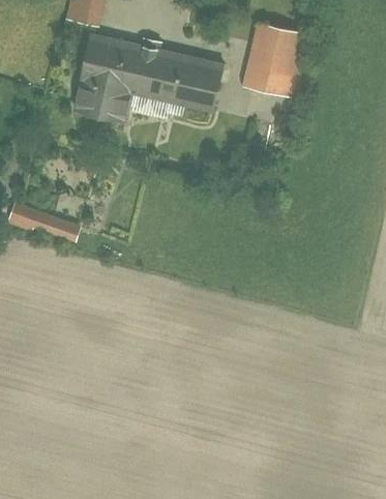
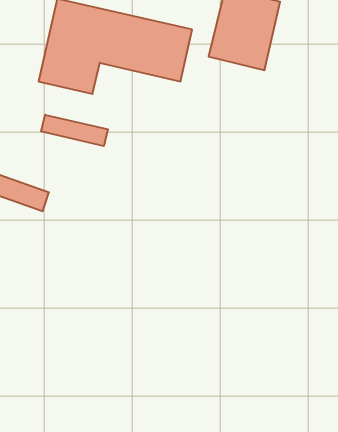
building: none -> [41,115,108,146]

